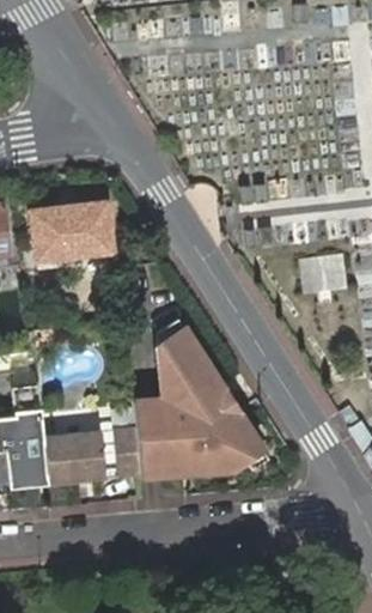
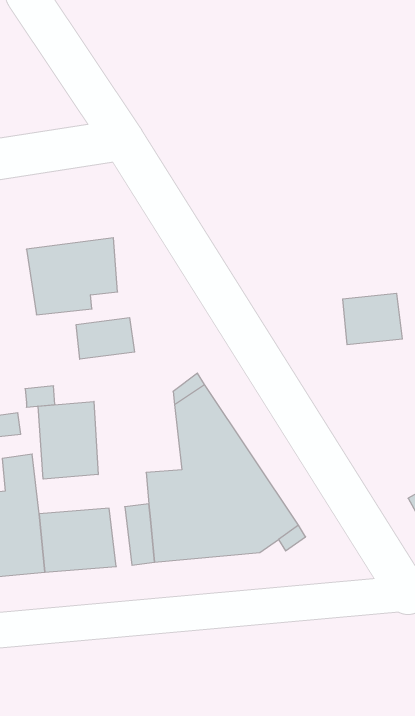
building: none -> [76,318,135,359]
building: none -> [38,401,98,479]

